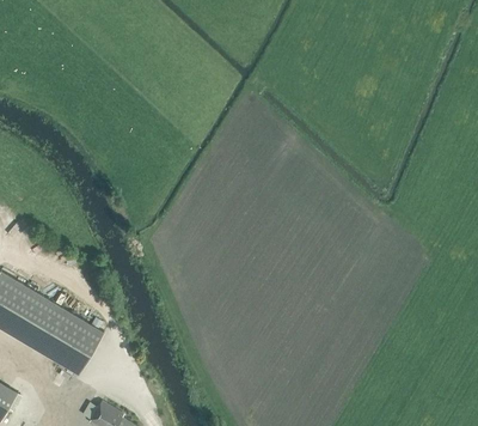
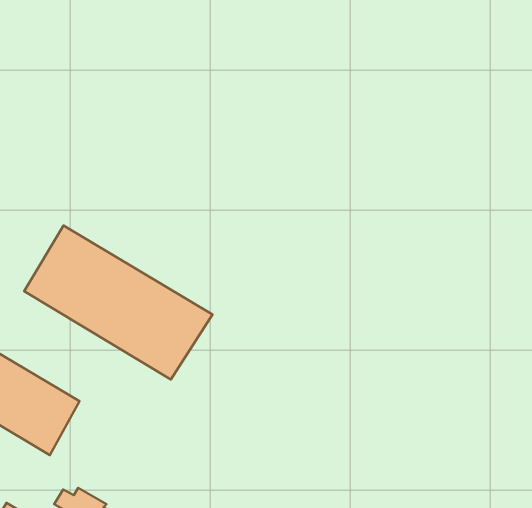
building: none -> [24,226,212,379]

